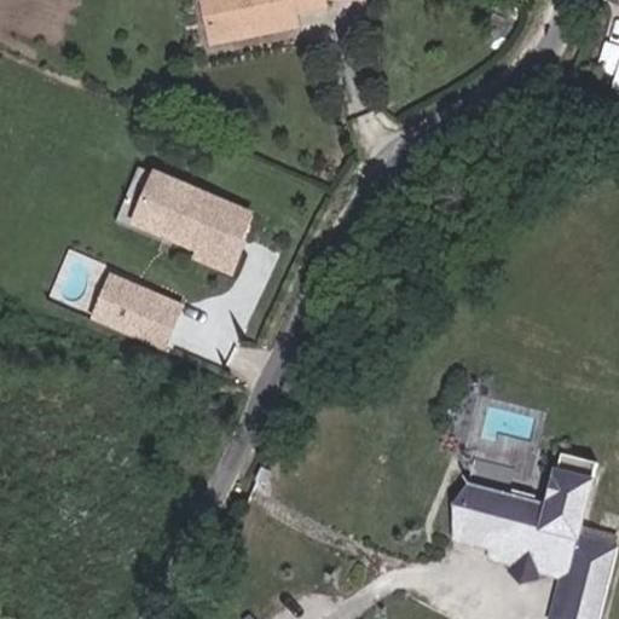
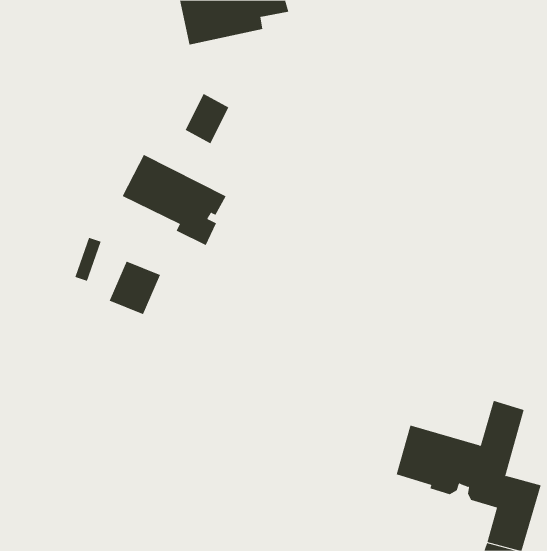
building: none -> [185,93,229,144]
building: [100,282,146,337] -> none

